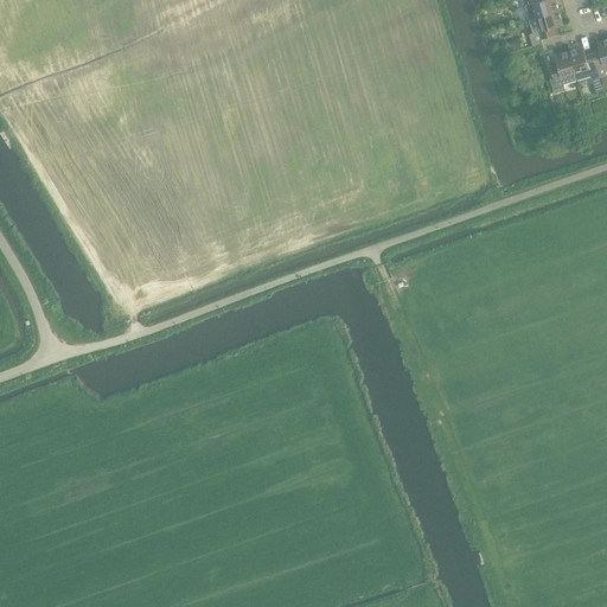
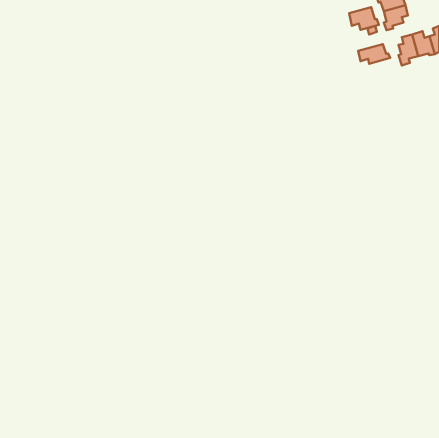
building: none -> [349,7,379,30]
building: none -> [358,44,390,64]

